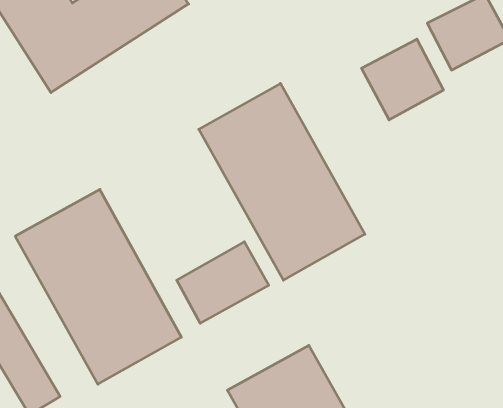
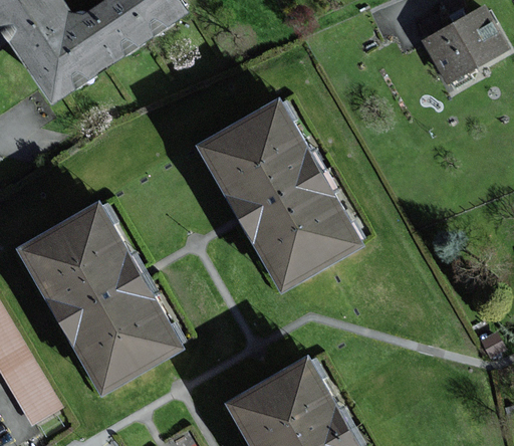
building: [362,39,443,120] -> none
building: [177,242,269,323] -> none

